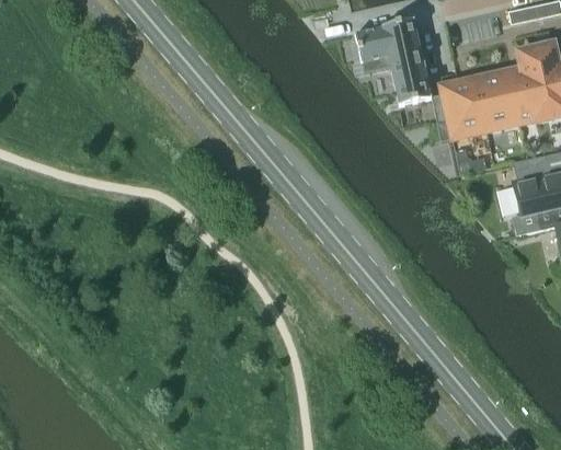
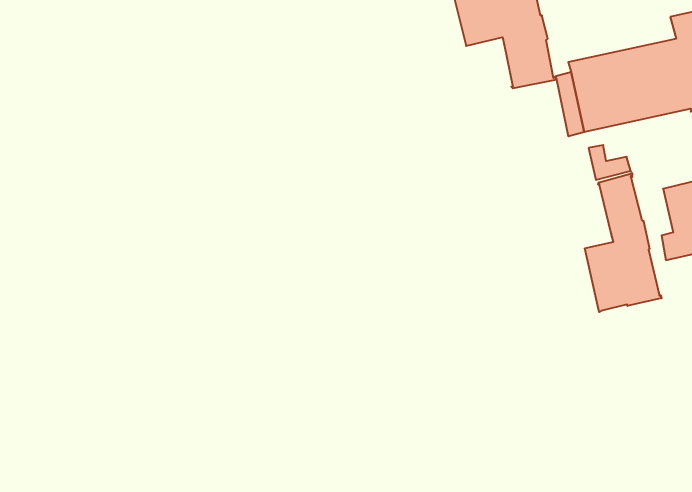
building: none -> [585,173,662,312]

